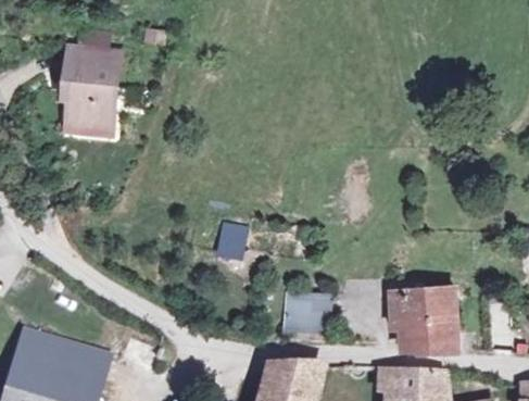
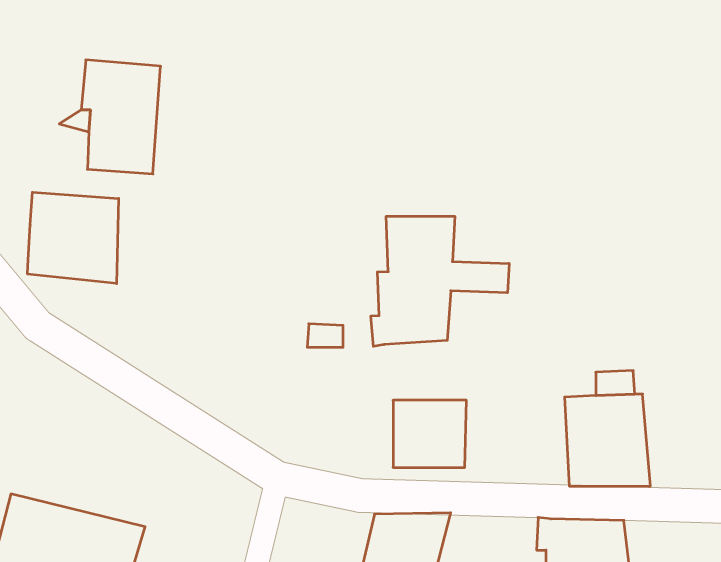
building: none -> [28,192,119,284]
building: none -> [371,216,509,346]
building: [14,325,114,373] -> none

